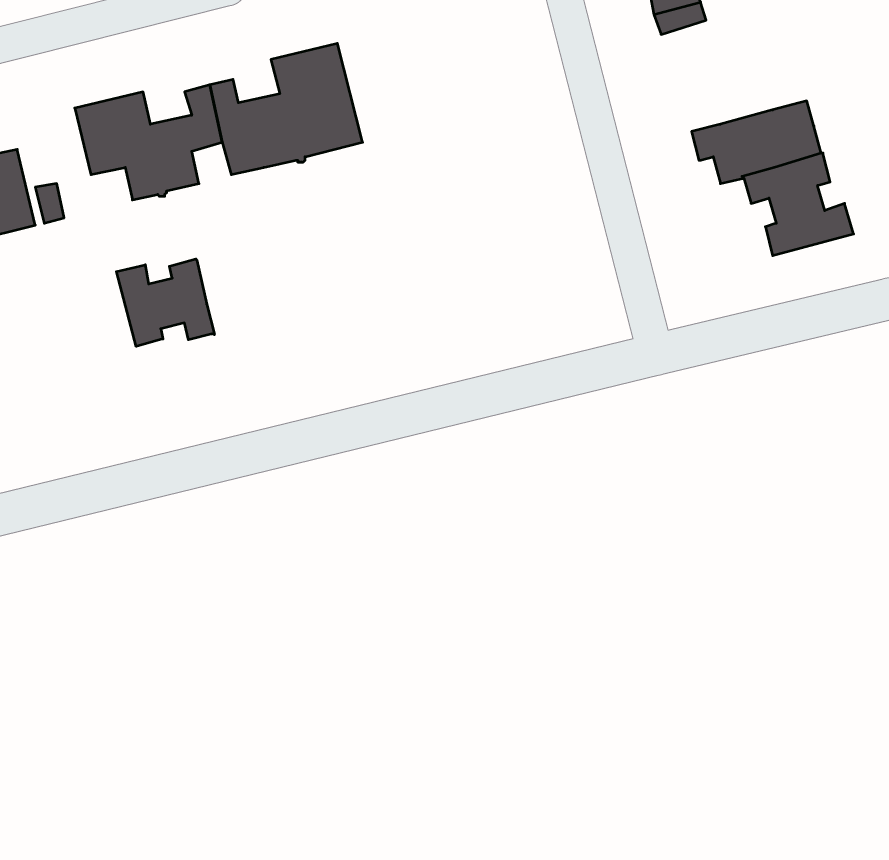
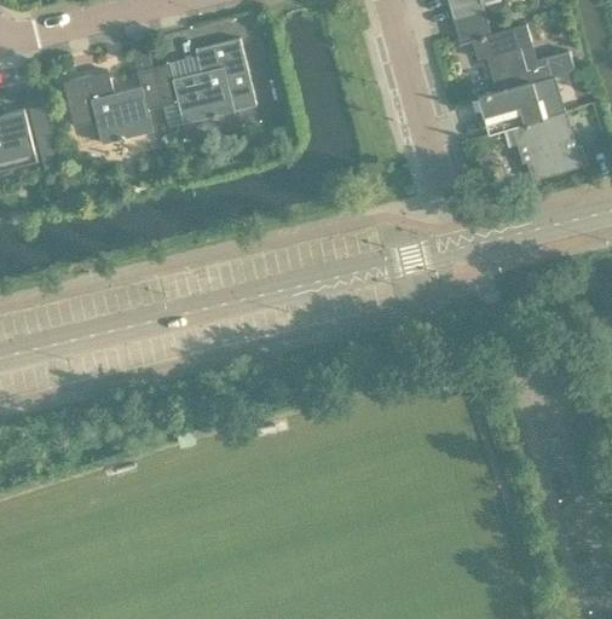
building: none -> [472,25,575,93]
building: [116,259,214,346] -> none

